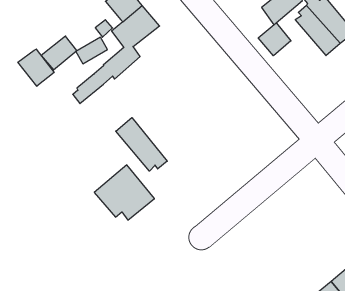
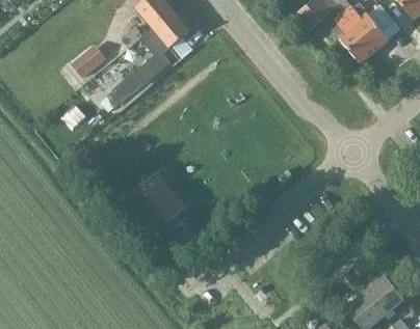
building: [258,23,291,56] -> none
building: [18,49,54,86] -> none
building: [116,118,167,171] -> none

